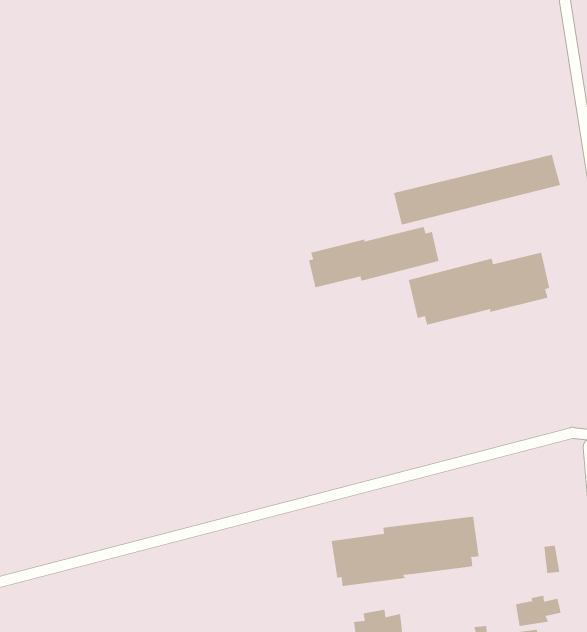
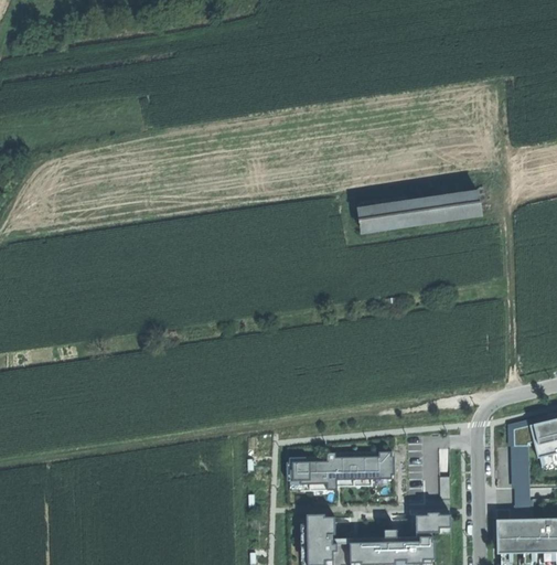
building: [309,226,439,288] -> none
building: [408,252,550,326] -> none

